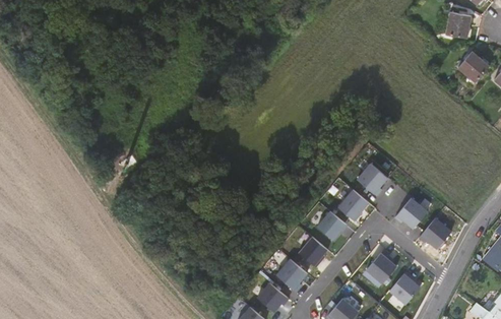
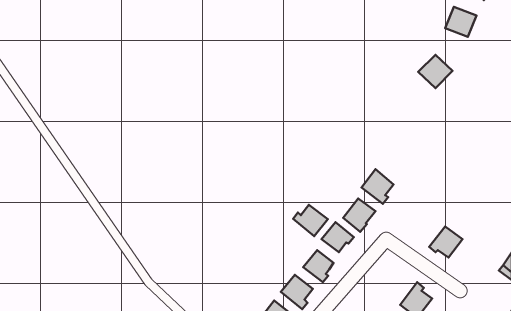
building: [456,49,489,80] -> [418,55,453,88]
building: [395,196,427,227] -> none
building: none -> [293,205,328,236]
building: [368,251,398,283] -> none

